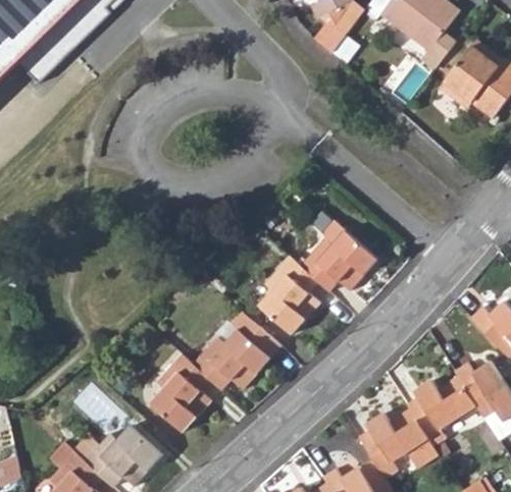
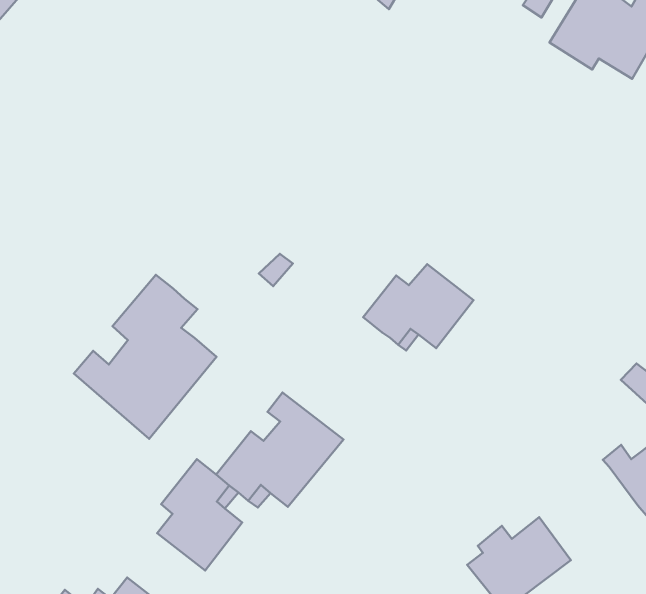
building: none -> [74,275,216,439]
building: [263,257,320,332] -> none
building: [407,377,477,445] -> none

